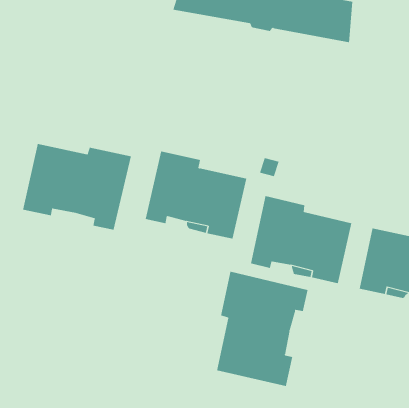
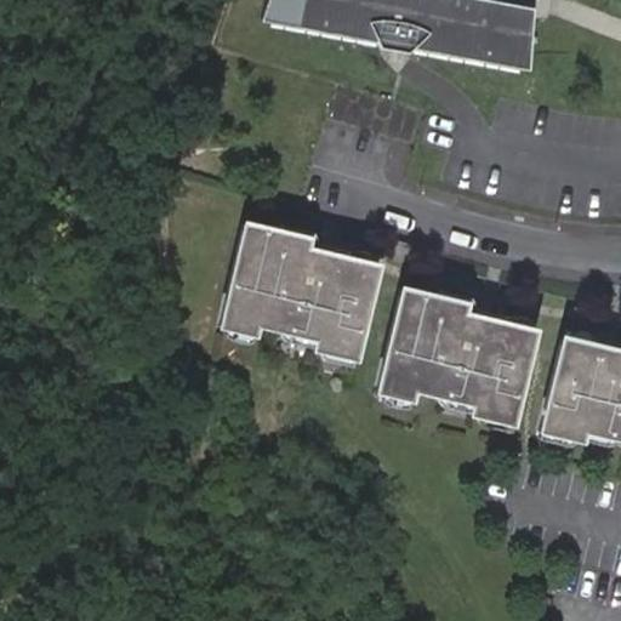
building: [22,143,132,231] -> none
building: [216,271,308,387] -> none

